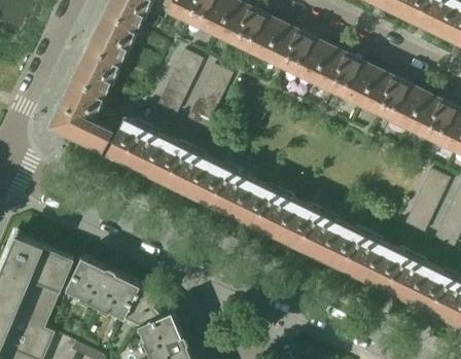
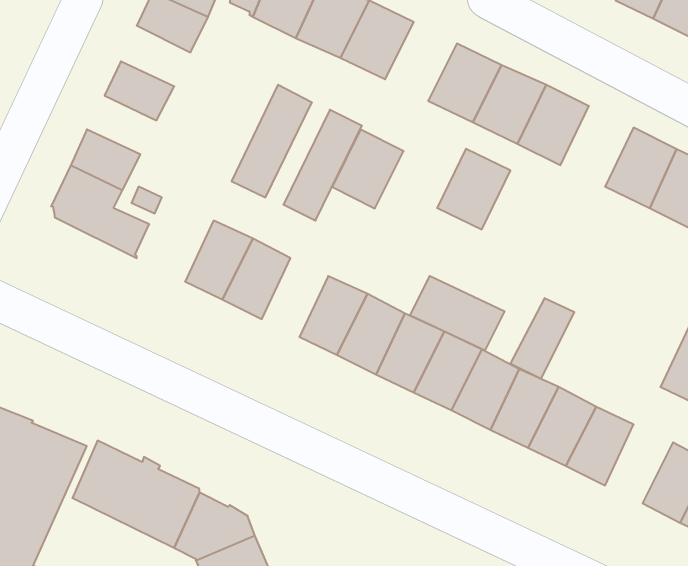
building: [246,14,287,60] -> [332,130,404,208]
building: [94,16,134,51] -> none
building: [74,57,114,91] -> none
building: [347,63,389,109] -> [437,149,510,229]
building: [106,117,147,164] -> none
building: [175,150,213,195] -> none
building: none -> [410,276,504,351]
building: none -> [511,298,574,379]
building: [373,246,412,291] -> none

